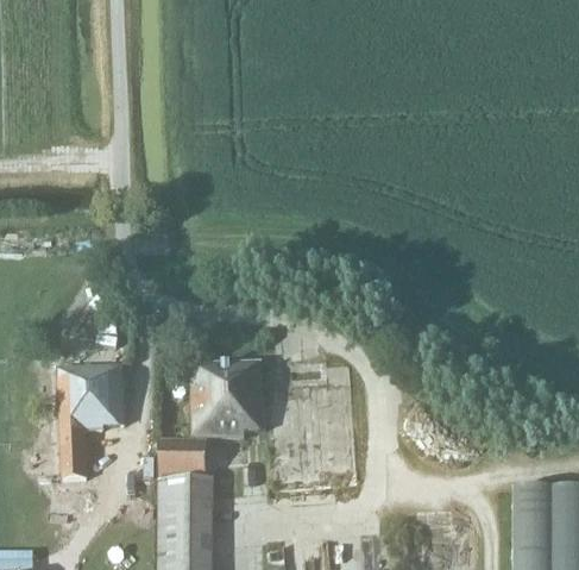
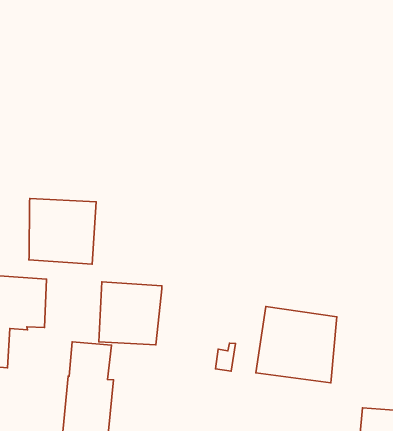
building: none -> [29,198,96,264]
building: none -> [256,306,337,383]

